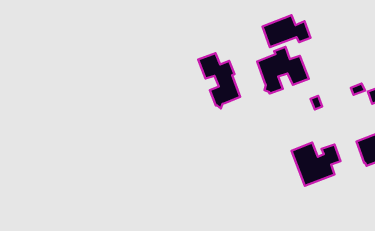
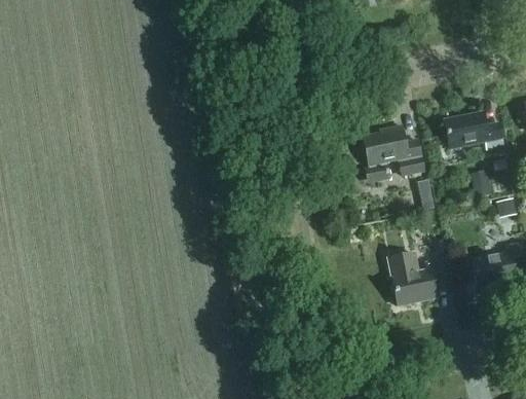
building: [262,15,311,47] -> [444,111,502,147]
building: [198,53,240,109] -> none

